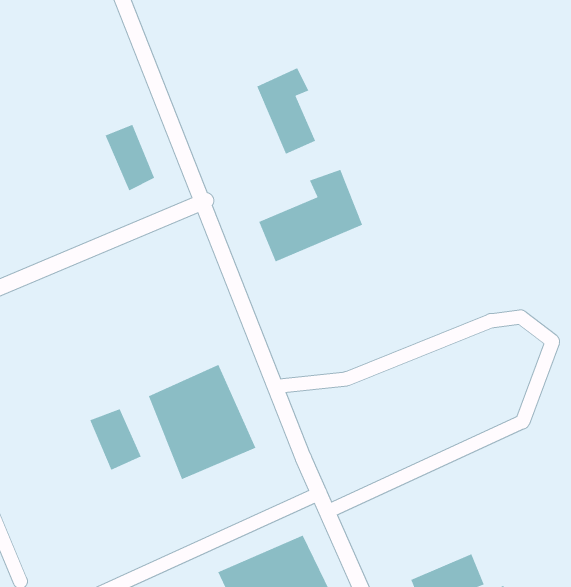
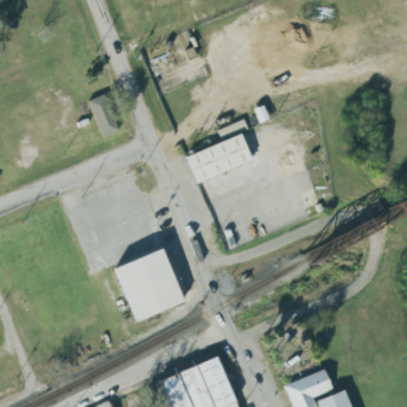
building: [256,67,316,155] -> none
building: [89,408,142,471] -> none

